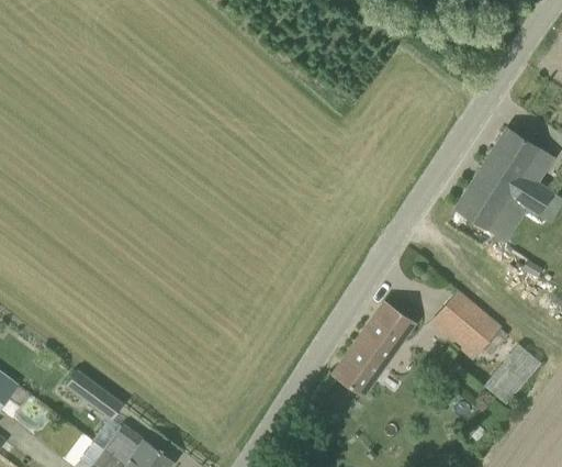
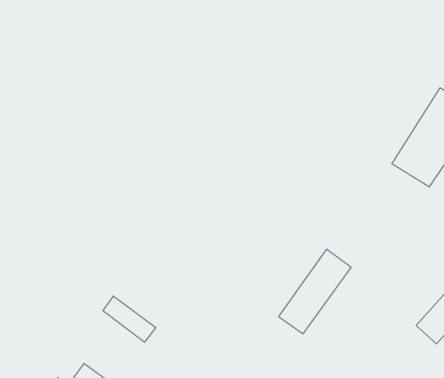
building: [432,293,501,359] -> none
building: [67,370,124,420] -> [103,296,156,342]

